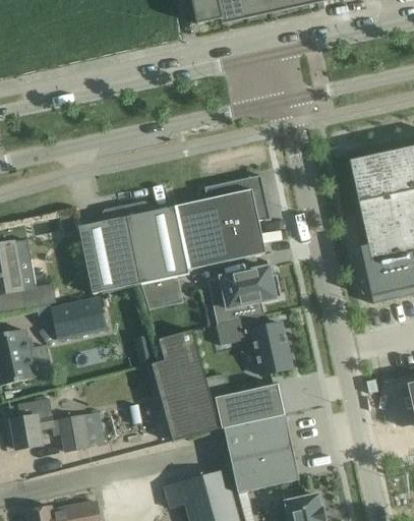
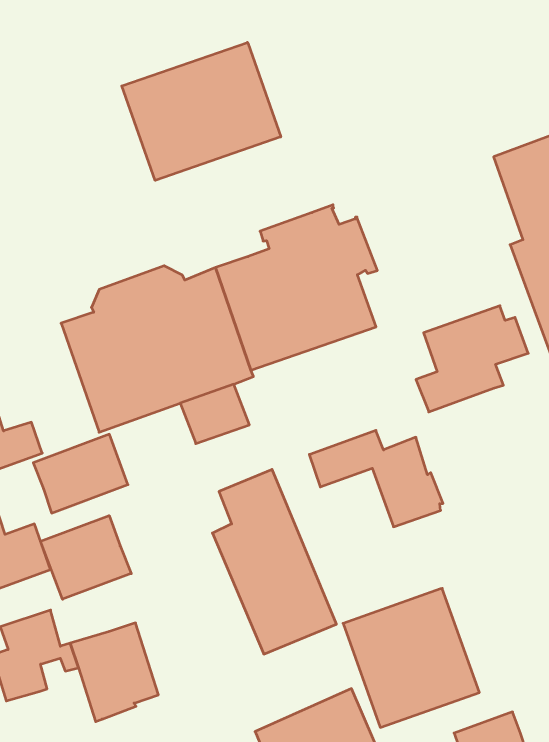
building: none -> [122,42,281,180]
building: [213,266,282,324] -> [416,306,528,412]
building: none -> [40,516,131,599]
building: [215,383,285,428] -> none

